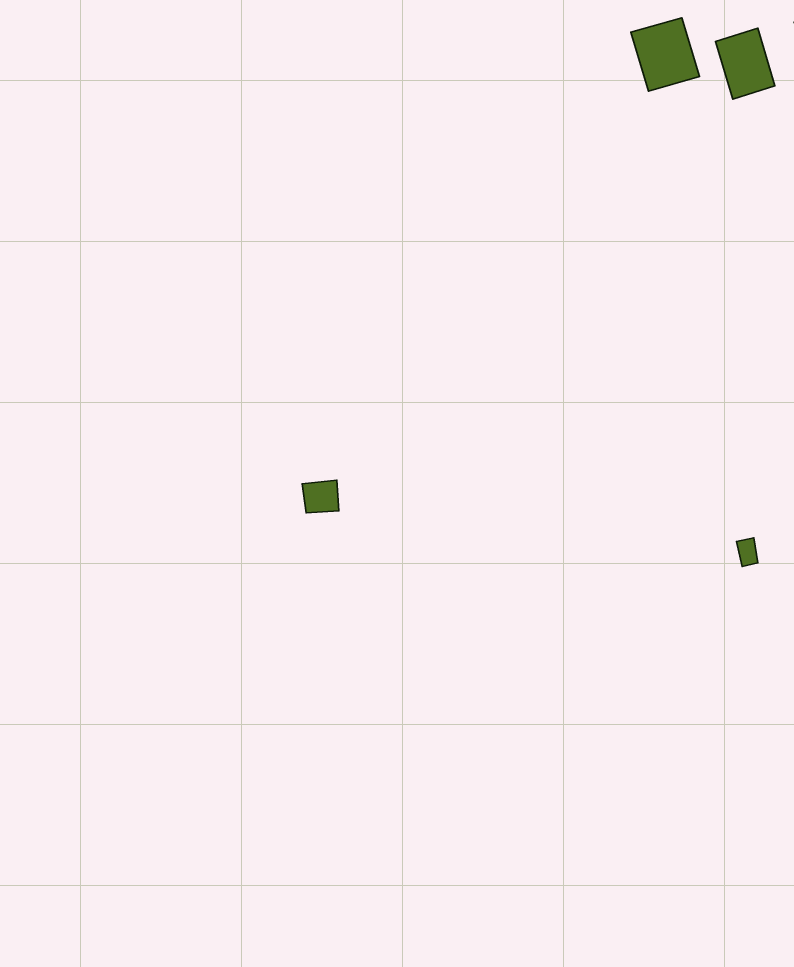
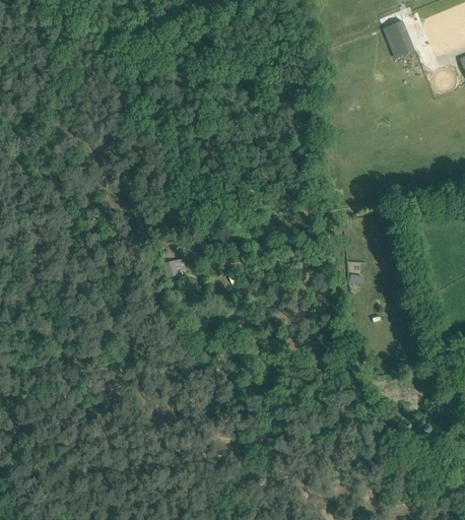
building: [631,18,699,91] -> none

